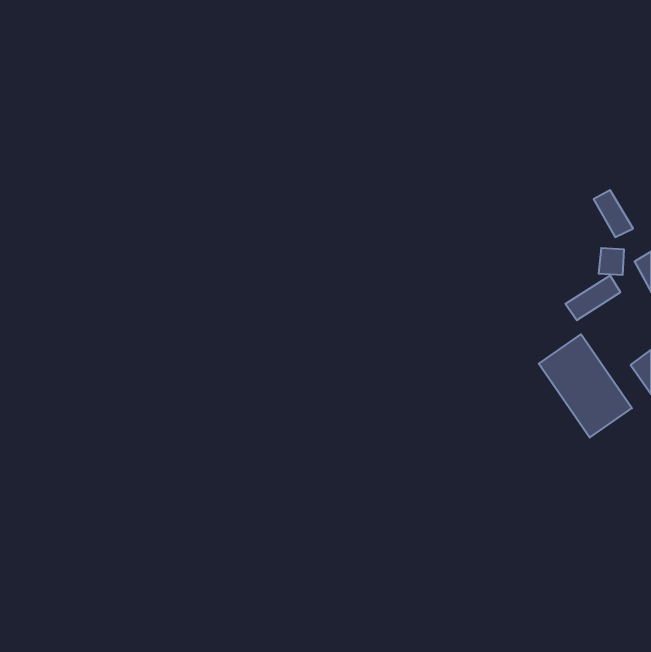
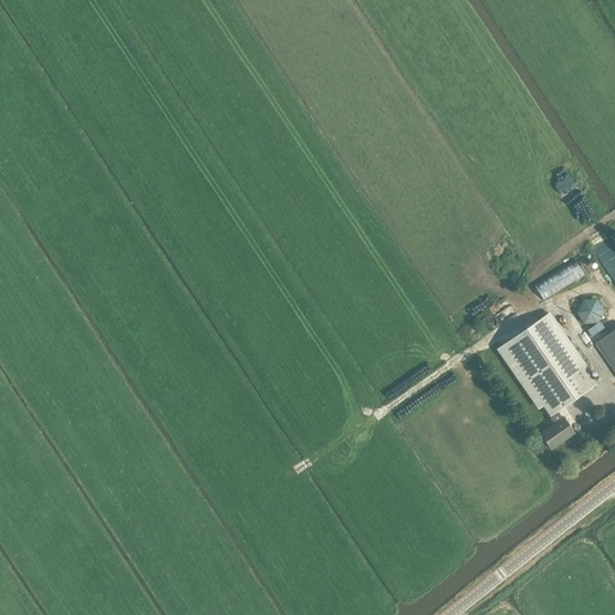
building: [599,248,624,275] -> [578,297,602,322]
building: none -> [539,413,572,449]

